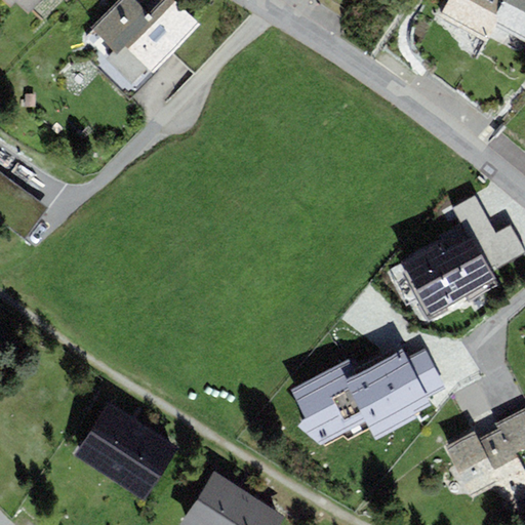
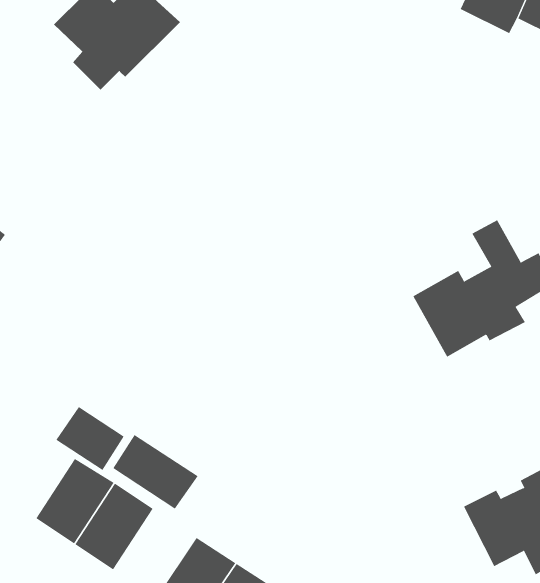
building: [290,347,446,446] -> none
building: none -> [55,406,125,471]
building: none -> [112,434,198,510]

